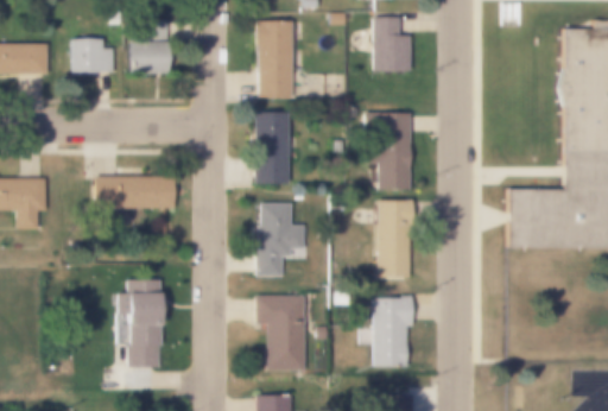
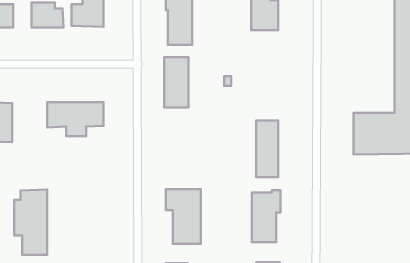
building: [380,113,410,190] -> none
building: [255,202,303,274] -> none
building: [119,278,164,367] -> [14,190,47,255]

